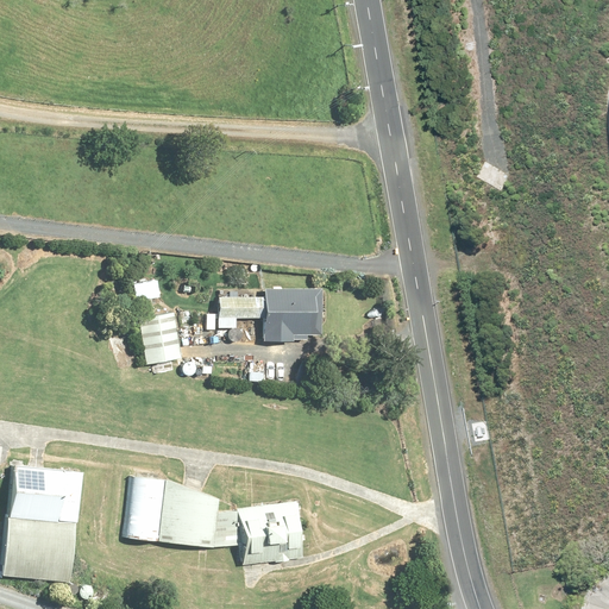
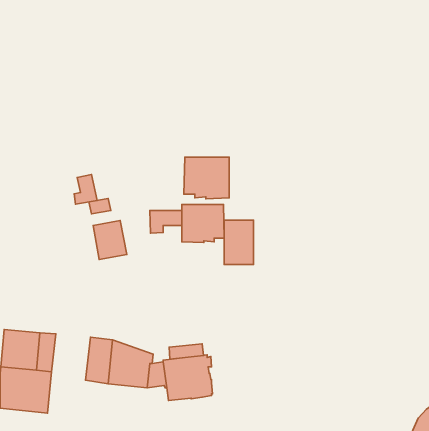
building: none -> [184,157,229,199]
building: none -> [74,174,97,204]
building: none -> [224,220,254,265]
building: none -> [169,344,203,359]

